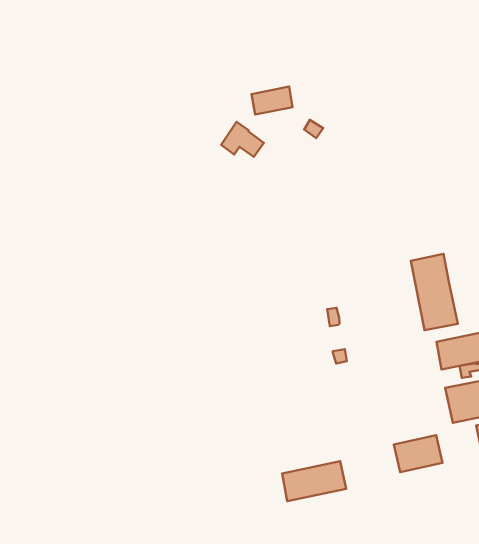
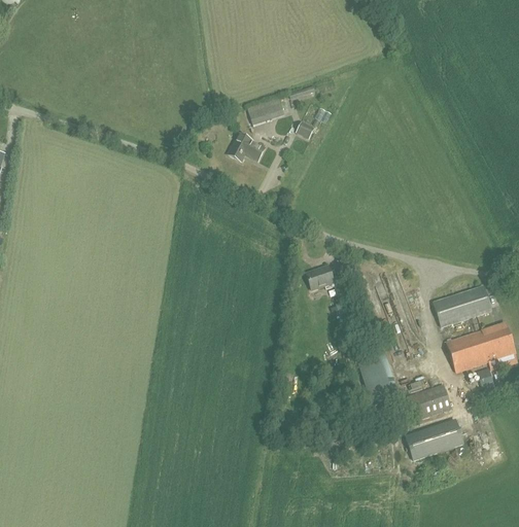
building: [411,254,458,330] -> none
building: none -> [306,266,334,288]
building: [282,461,346,501] -> [406,419,463,459]

